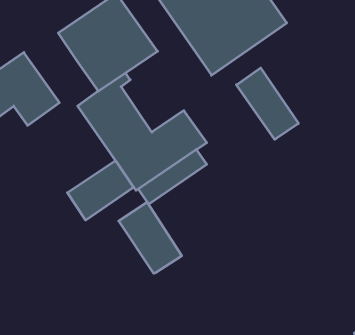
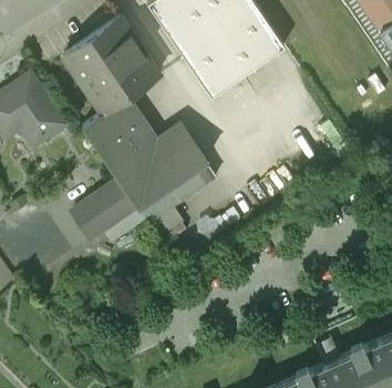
building: [236,68,298,139] -> none
building: [119,202,182,273] -> none

